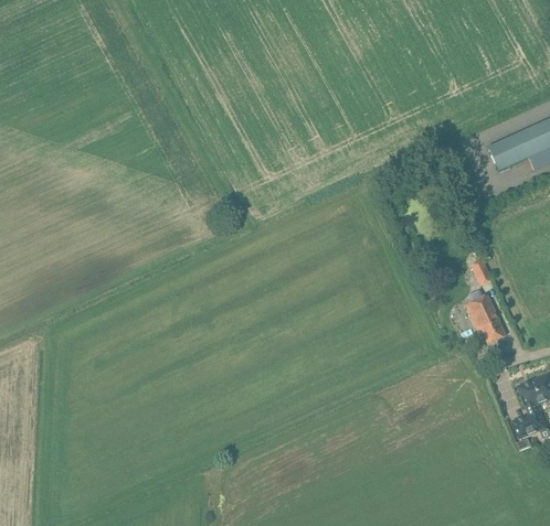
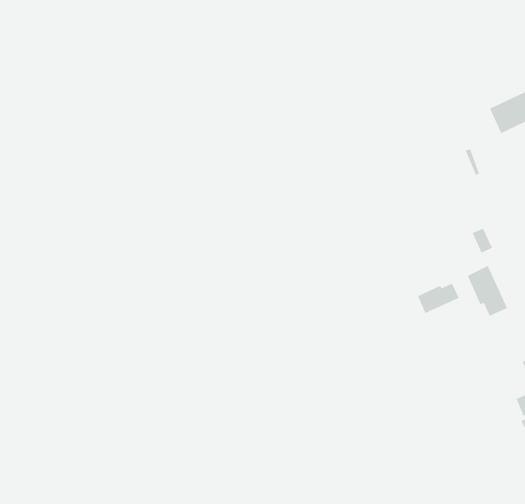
building: none -> [417,283,459,314]

